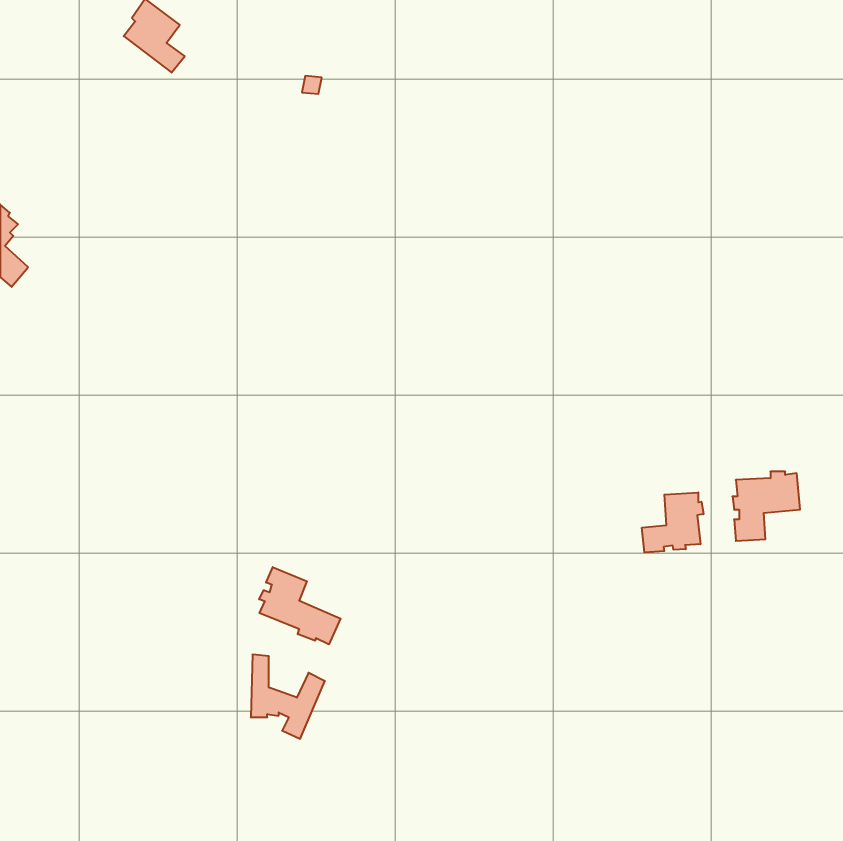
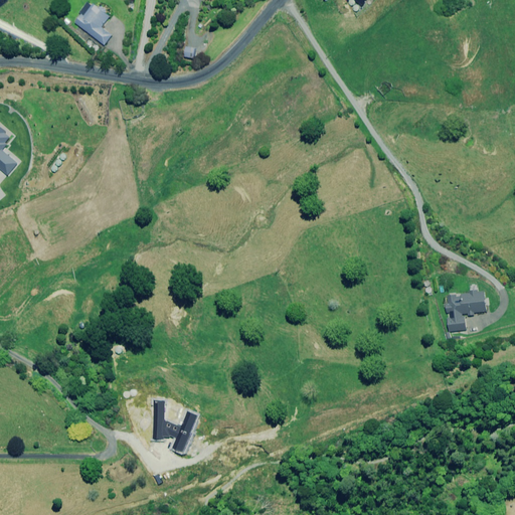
building: [642,492,703,553] -> none
building: [259,567,341,644] -> none

